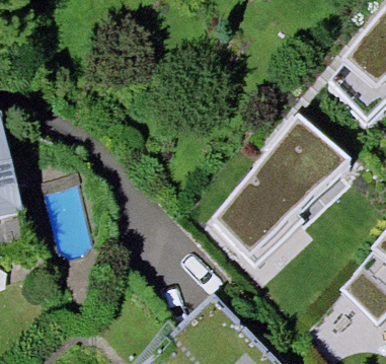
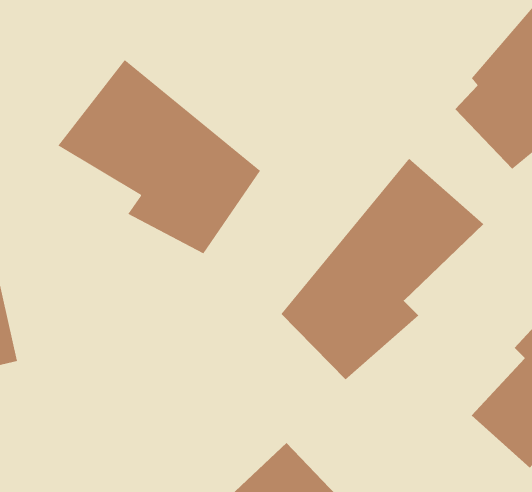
building: none -> [58,59,261,254]

